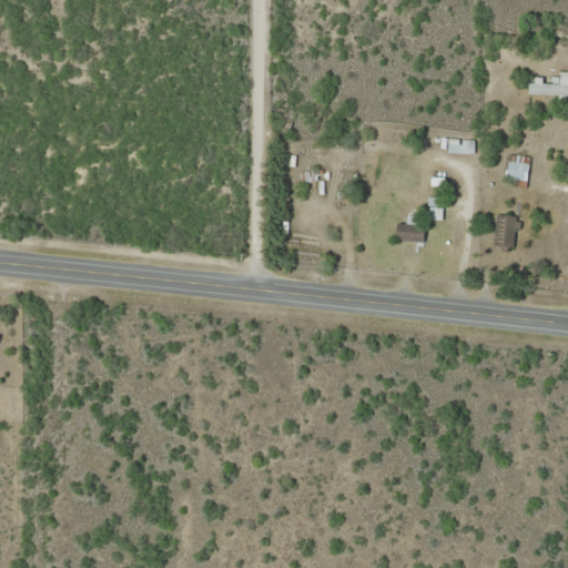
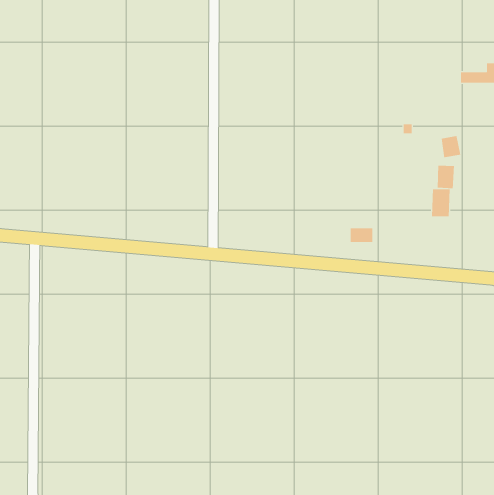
building: none -> [437,165,455,189]
building: [396,224,423,241] -> [350,228,373,243]

